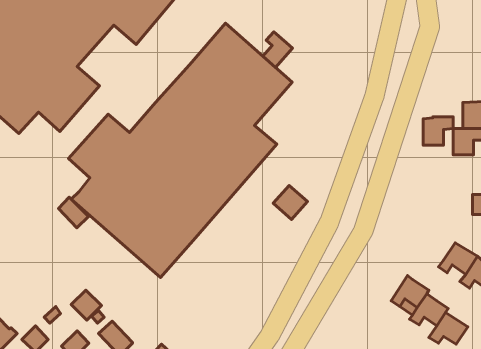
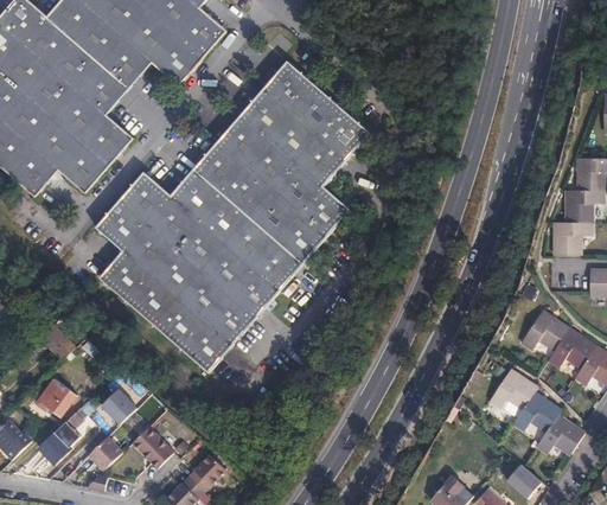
building: [263,32,293,67] -> none
building: [423,117,453,145] -> [554,222,590,256]
building: [273,185,307,219] -> none
building: [59,197,89,228] -> [38,324,75,362]
building: none -> [520,311,568,351]
building: none -> [40,379,76,417]

